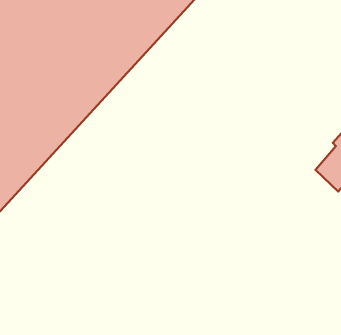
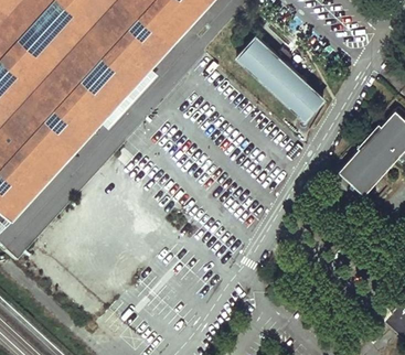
building: none -> [234,34,320,117]

